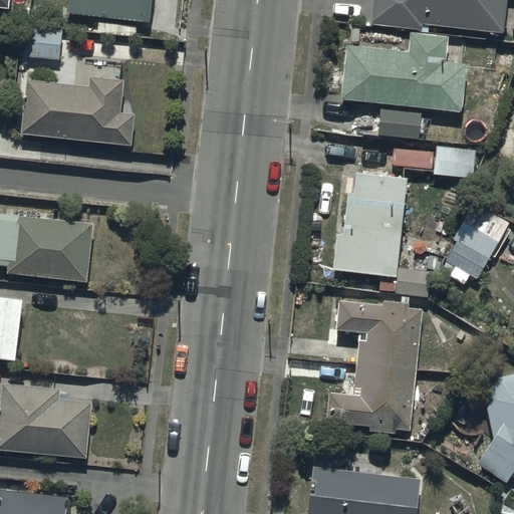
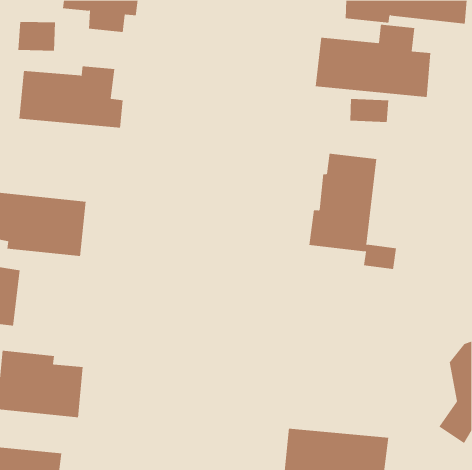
building: [430,147,479,181] -> none
building: [443,204,506,280] -> none
building: [325,300,422,433] -> none

